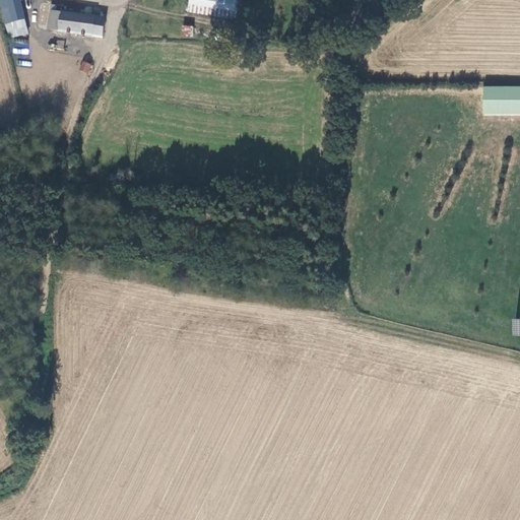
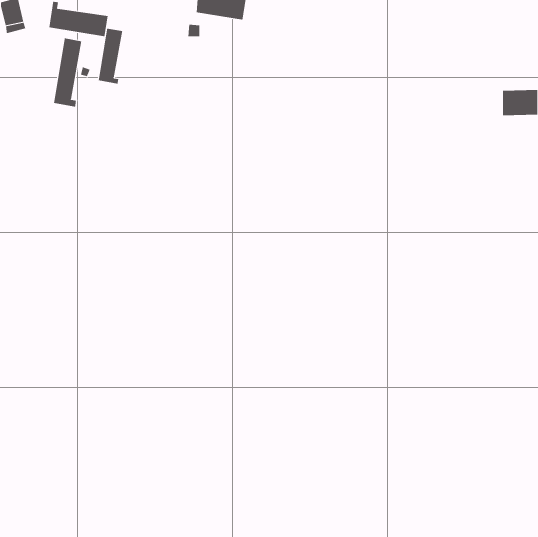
building: none -> [98,28,123,84]
building: none -> [53,37,82,107]

